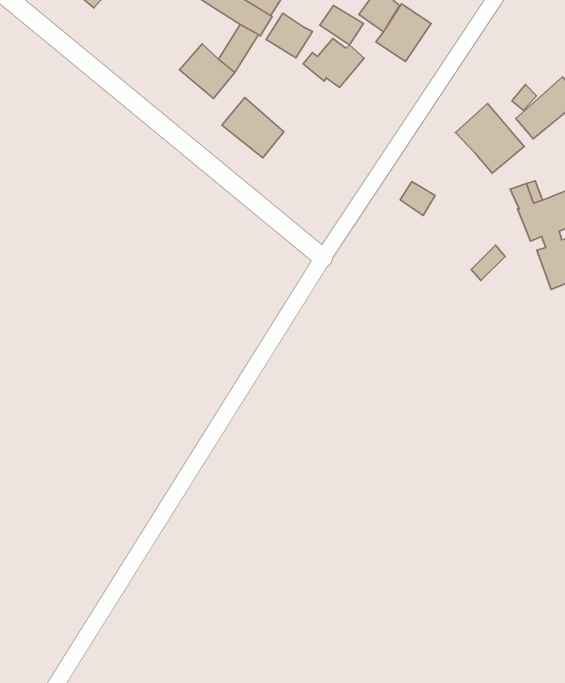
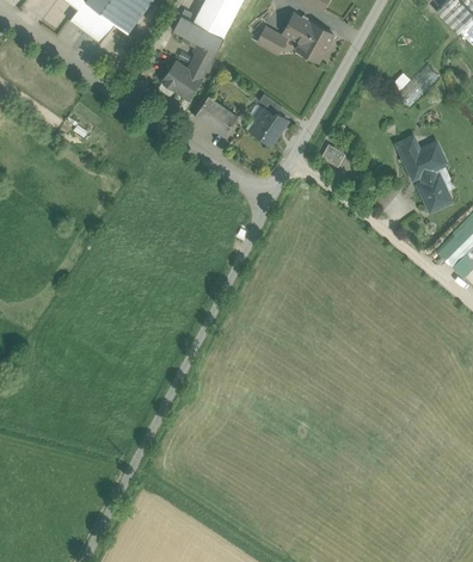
building: [266,13,312,58] -> none
building: [303,38,364,88] -> [246,109,288,142]
building: [455,104,524,173] -> none

